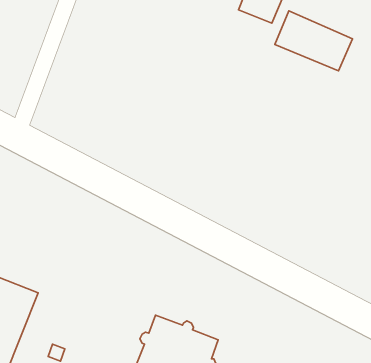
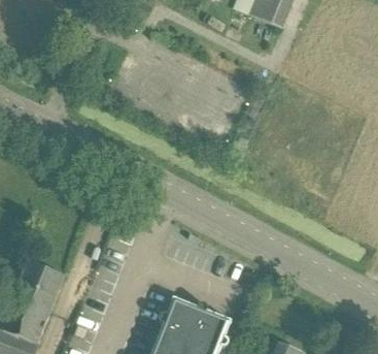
building: [275,11,353,71] -> none

